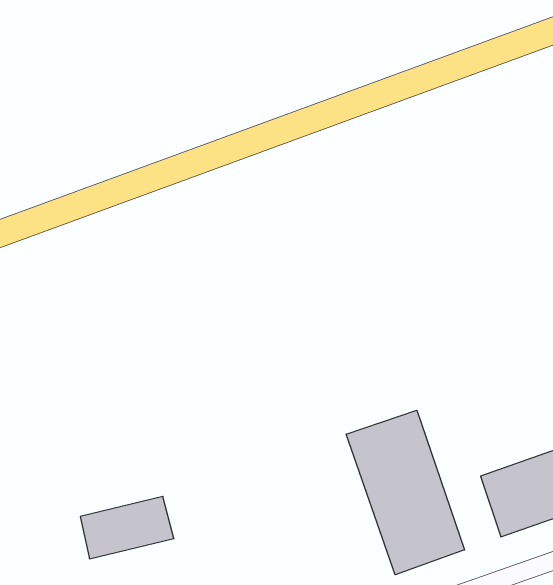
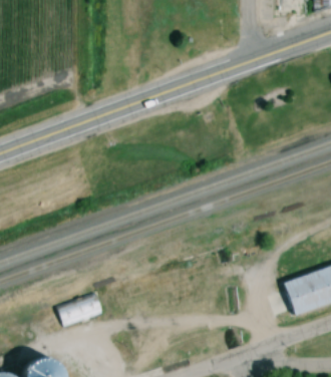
building: [346,410,465,575] -> none

